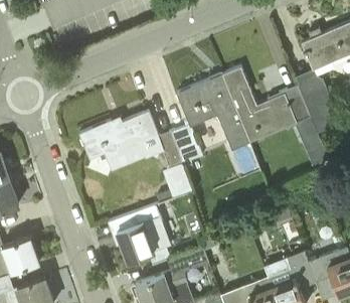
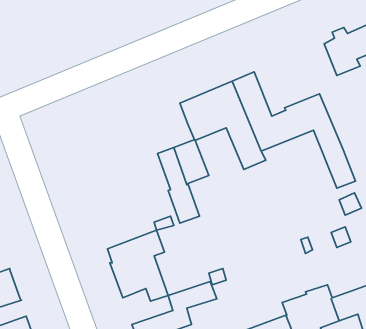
building: [298,79,331,134] -> none
building: [79,112,158,170] -> none

